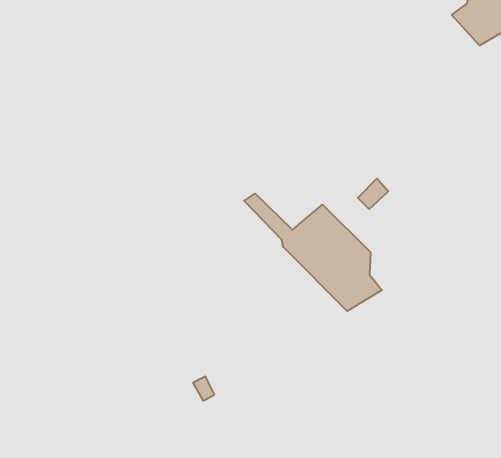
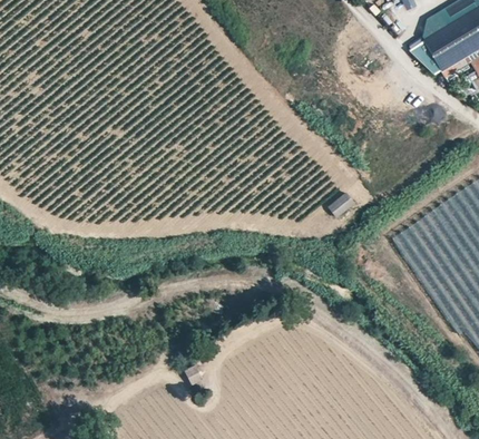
building: [244,194,382,311] -> none

